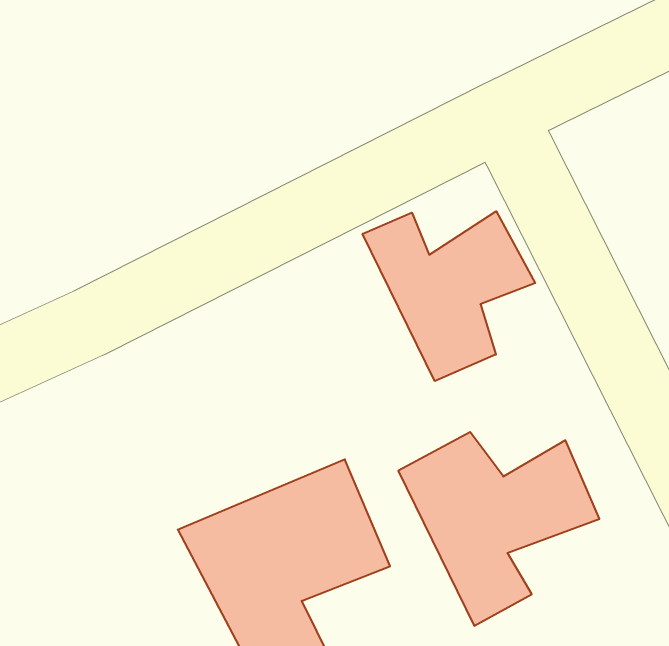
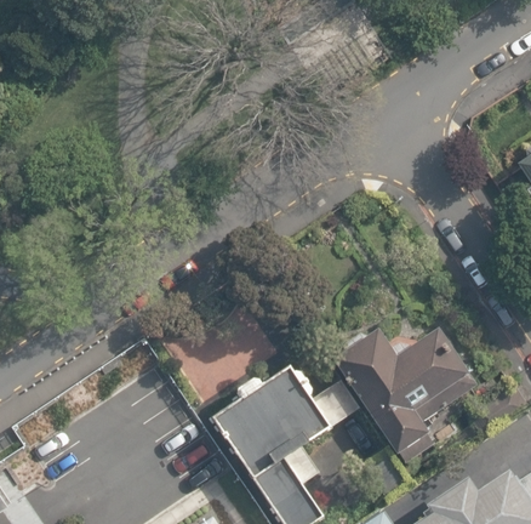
building: [363,211,535,381] -> none

